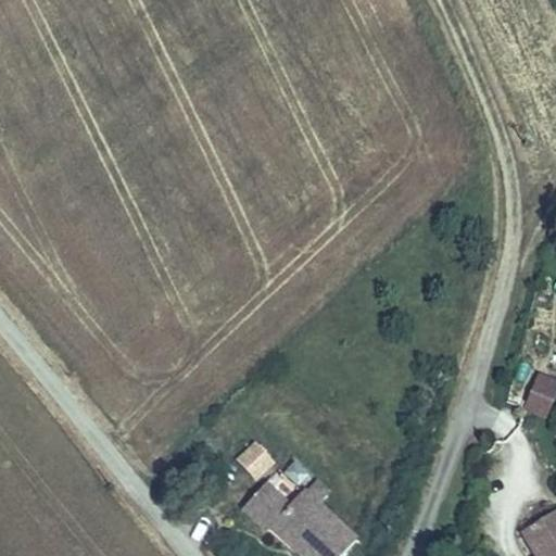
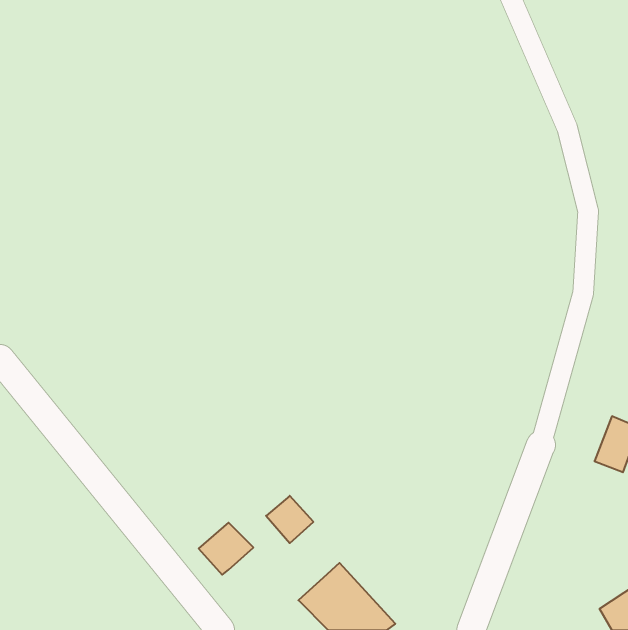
building: [241,483,289,529] -> [199,523,253,575]

